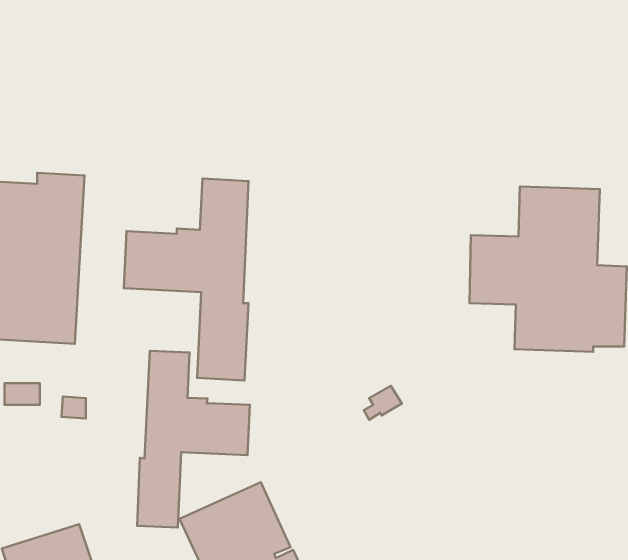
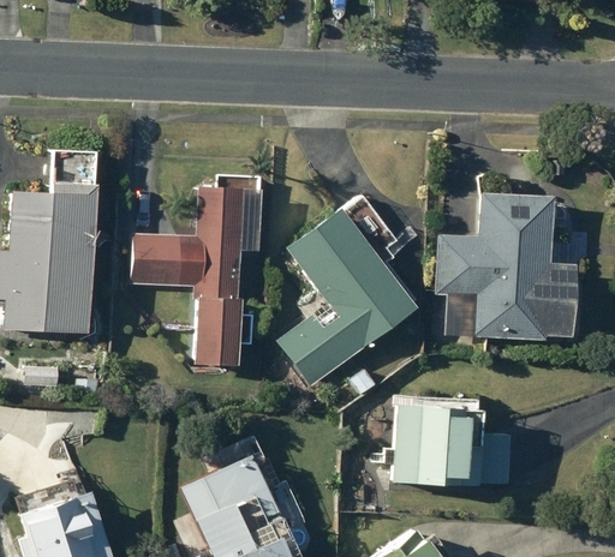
building: none -> [276,208,418,389]
building: [137,351,250,527] -> none
building: none -> [386,405,512,487]

